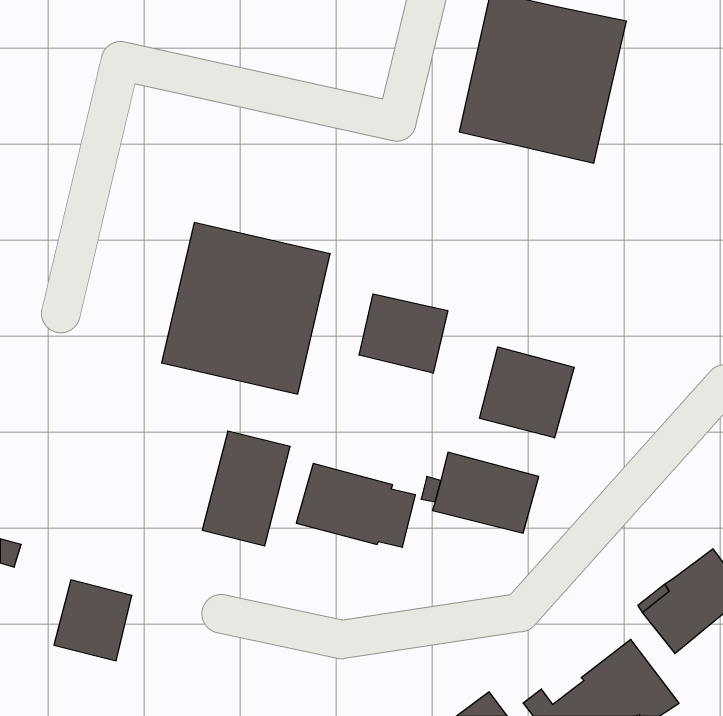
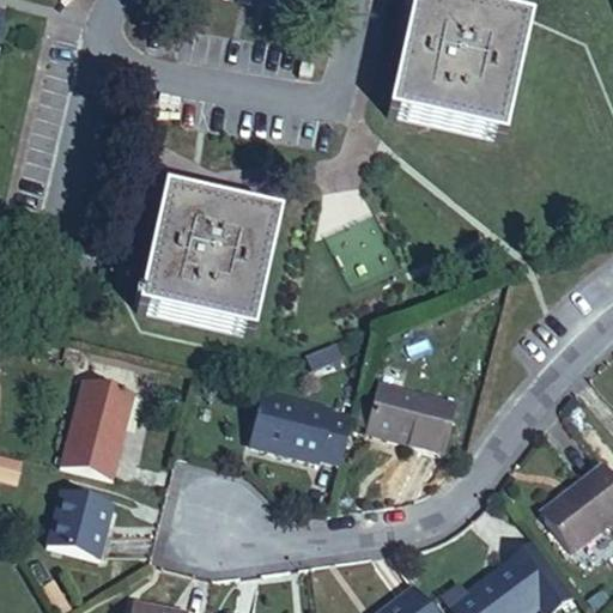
building: [359,294,448,373] -> none
building: [480,347,574,438] -> none
building: [202,431,290,546] -> [61,380,135,477]

